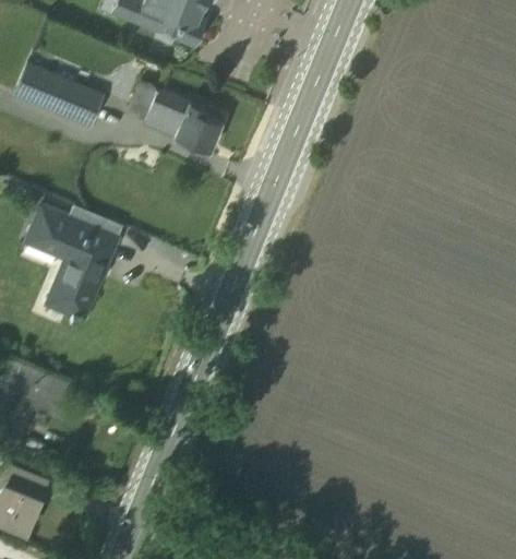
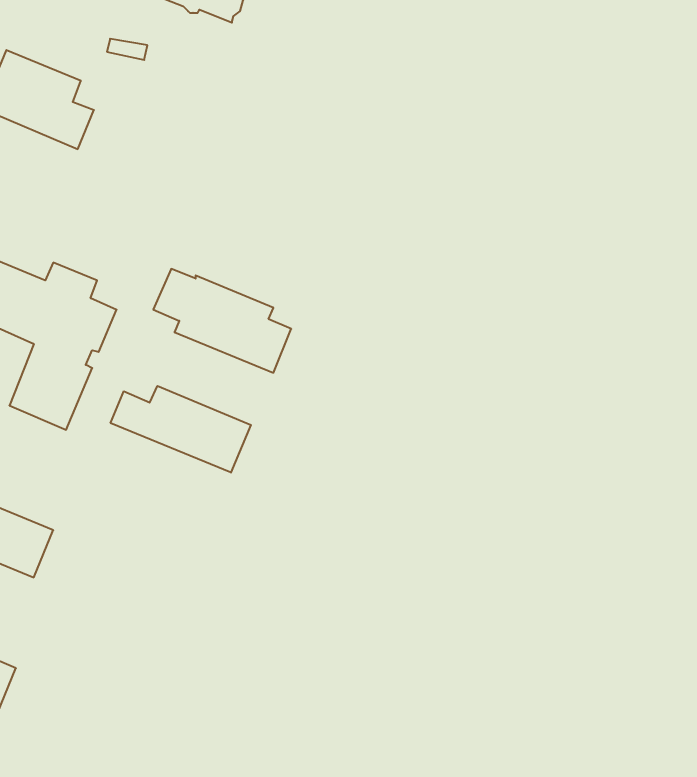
building: [129,81,221,151] -> [153,269,291,373]
building: none -> [111,386,251,473]

